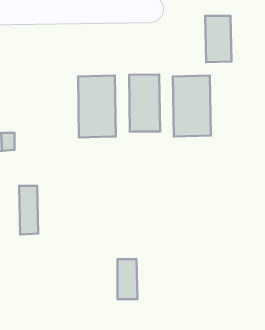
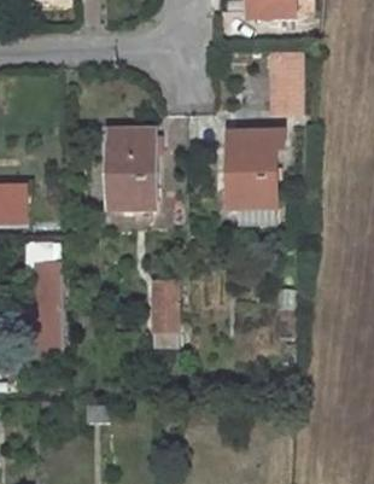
building: [129,75,160,132] -> none
building: [118,259,137,299] -> [151,280,176,331]

